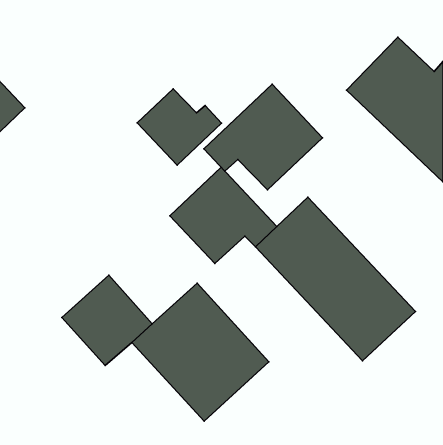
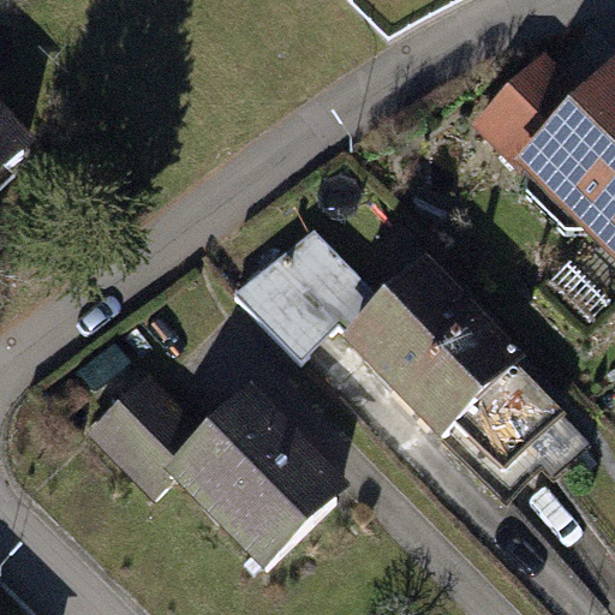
building: [204,84,323,190] -> none
building: [137,89,222,165] -> none

